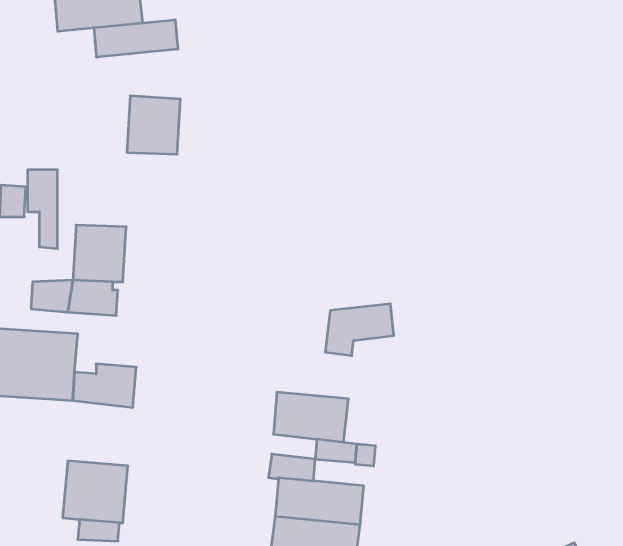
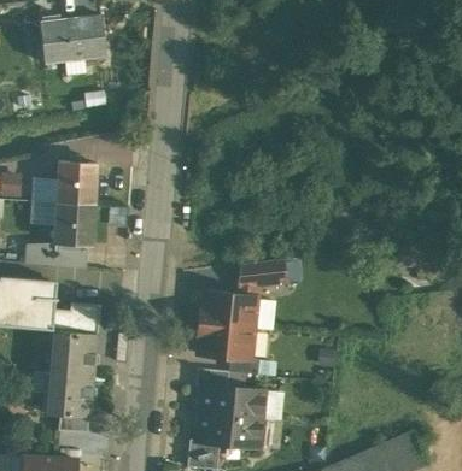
building: [94,20,178,57] -> none
building: [127,96,180,154] -> [55,161,94,204]
building: none -> [200,292,255,328]
building: none -> [49,329,97,376]

